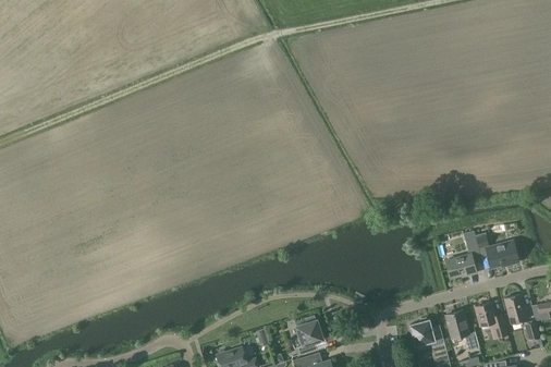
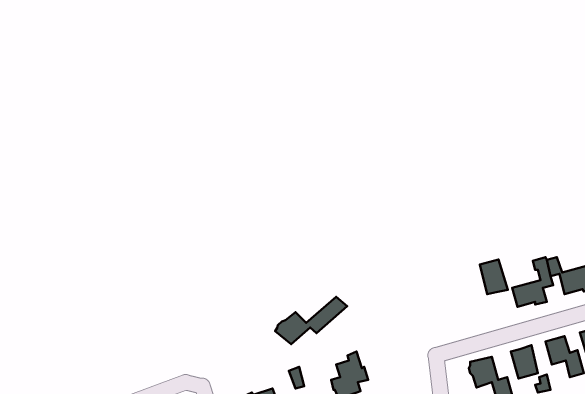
building: none -> [480,259,508,294]
building: none -> [275,297,347,344]

